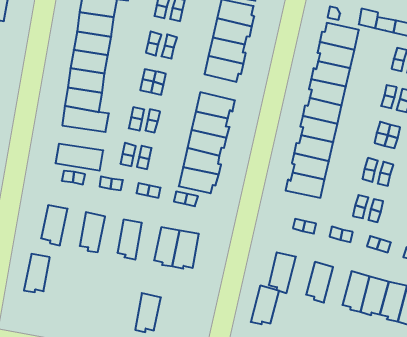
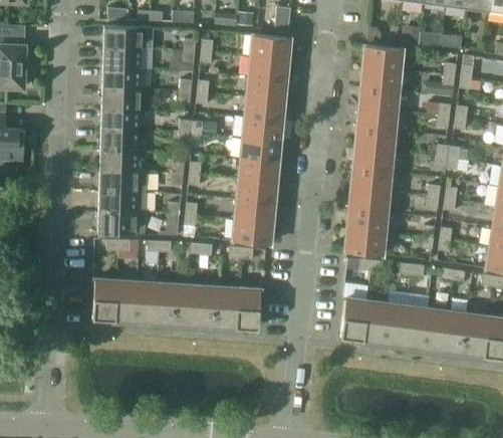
building: none -> [242,119,281,143]
building: none -> [98,193,147,214]
building: none -> [345,232,385,257]
building: none -> [155,284,178,324]
building: [24,254,50,292] -> [113,281,137,321]
building: none -> [403,307,428,348]
building: [251,286,279,324] -> [361,301,388,343]
building: [135,293,161,332] -> [196,286,219,327]

